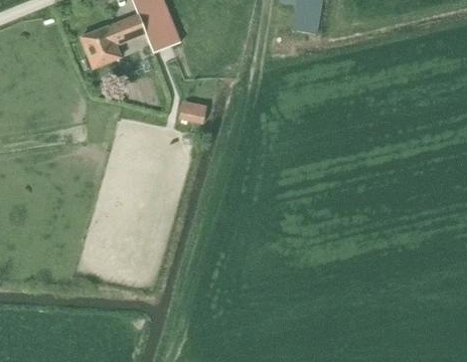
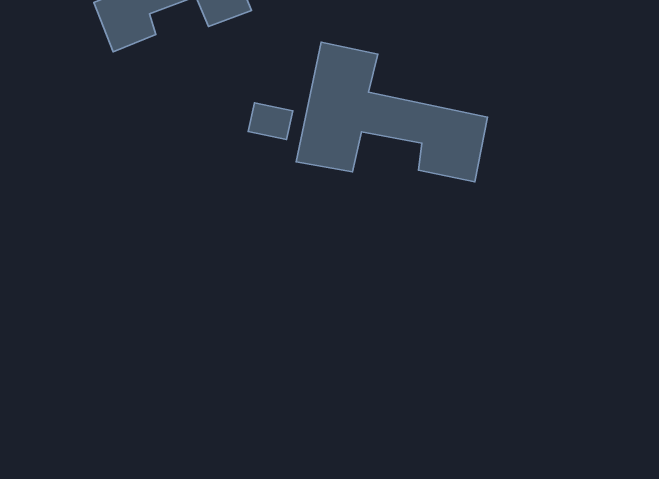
building: none -> [296,42,487,182]

